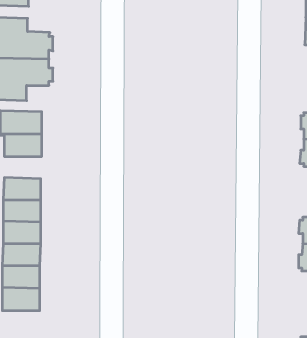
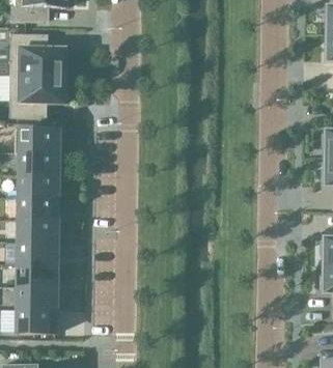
building: none -> [20,175,58,198]

